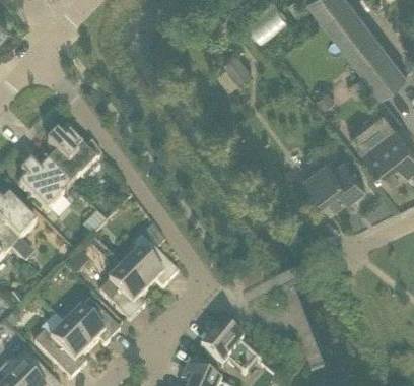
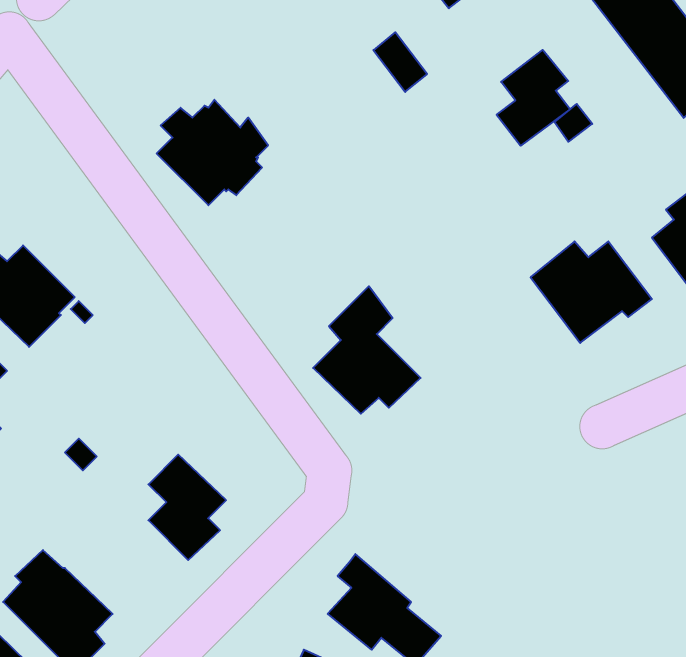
building: none -> [497,50,570,146]
building: [42,130,98,184] -> [157,100,268,205]
building: [121,222,176,287] -> [313,286,421,414]
building: [63,298,117,345] -> none

